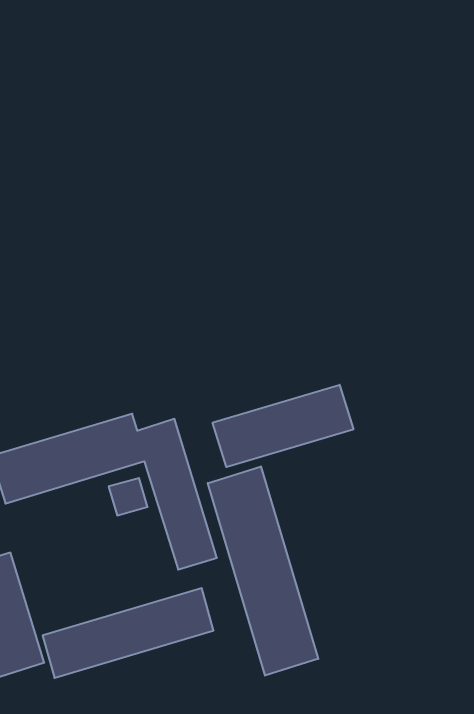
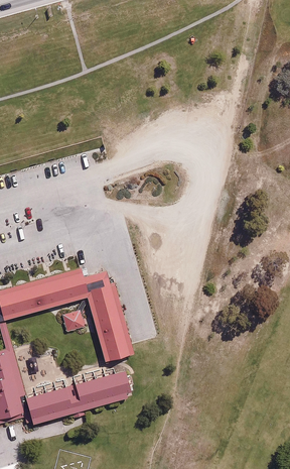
building: [213,385,353,467] -> none
building: [208,466,318,676] -> none

